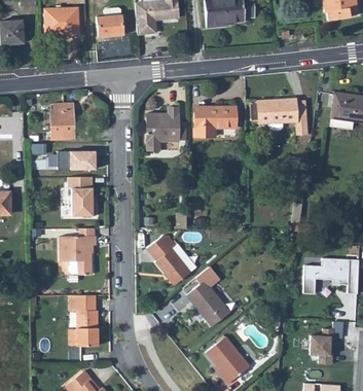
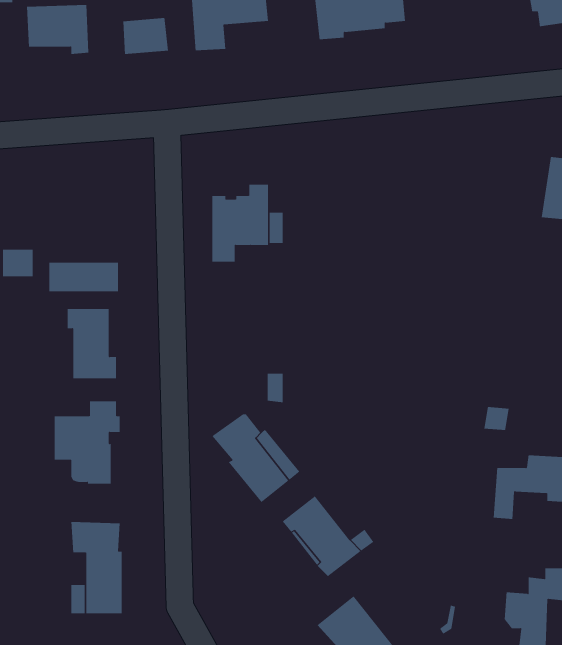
building: [250,99,307,135] -> none
building: [50,104,75,141] -> none
building: [194,107,237,137] -> none

